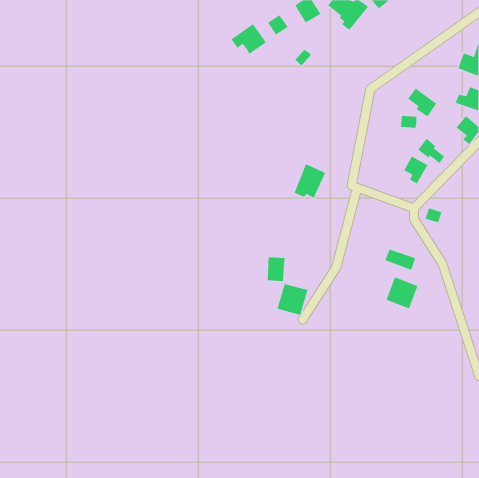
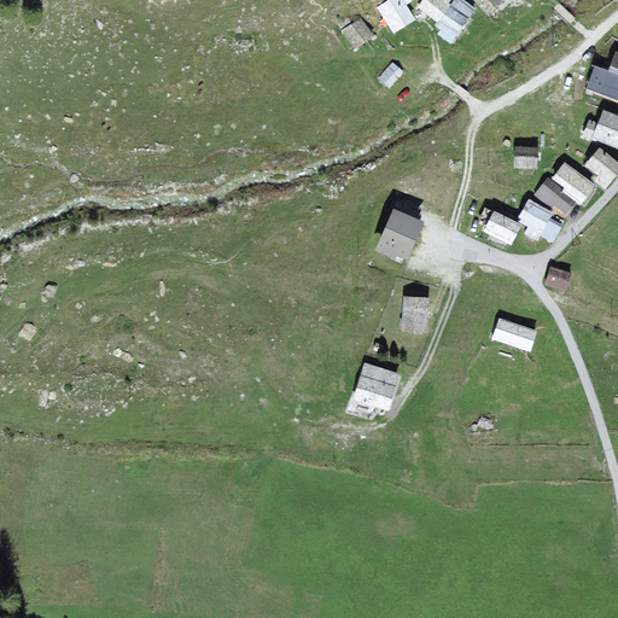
building: [230,23,267,55] -> none
building: [407,88,437,118] -> [554,163,593,202]
building: none -> [486,211,520,241]
building: [267,257,286,282] -> [403,297,427,330]
building: [385,276,418,310] -> none

